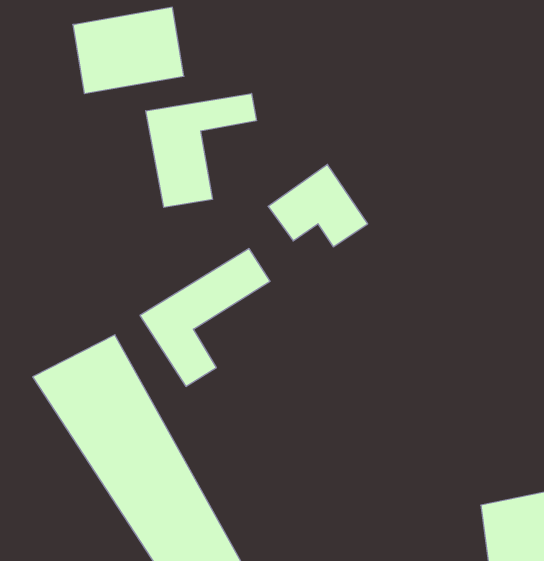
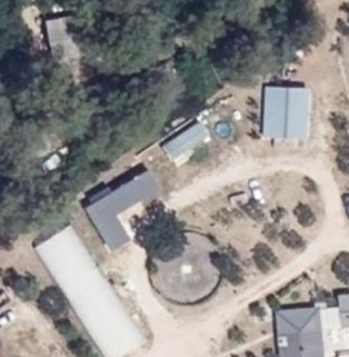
building: [146,93,256,207] -> none
building: none -> [263,87,305,132]

